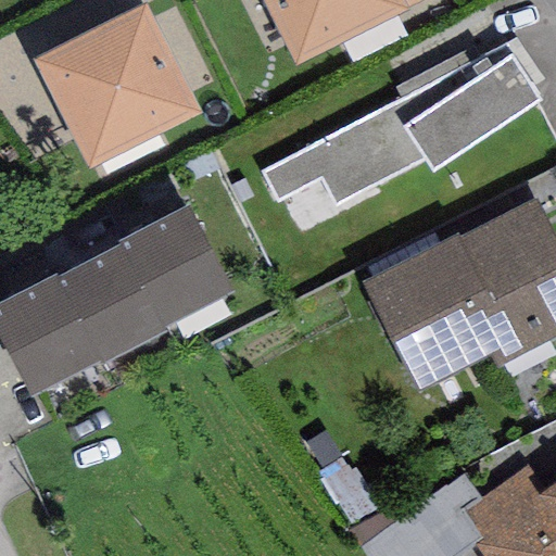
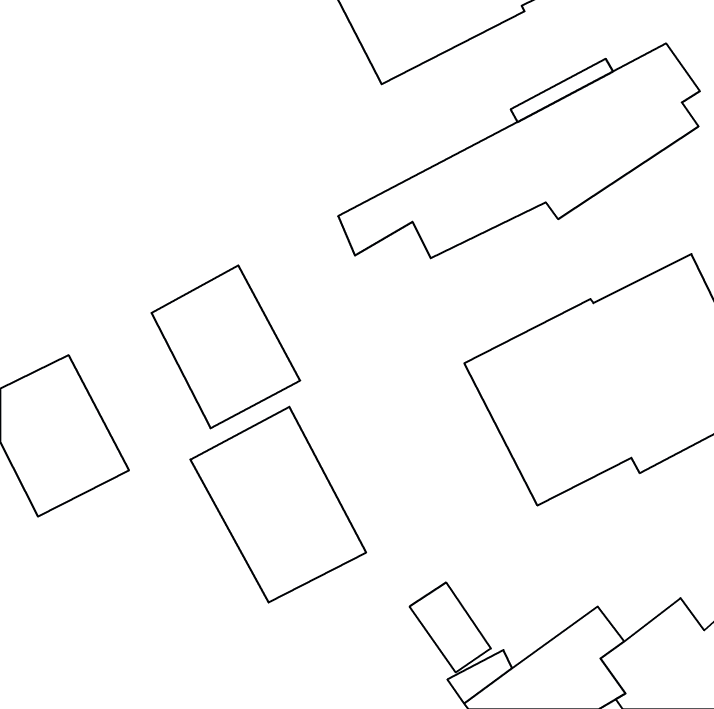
building: [35,4,202,169] -> none
building: [55,242,165,364] -> none
building: none -> [190,407,366,603]

